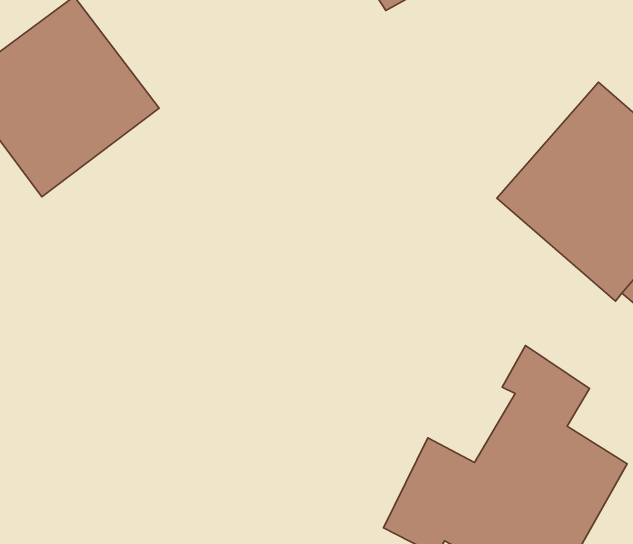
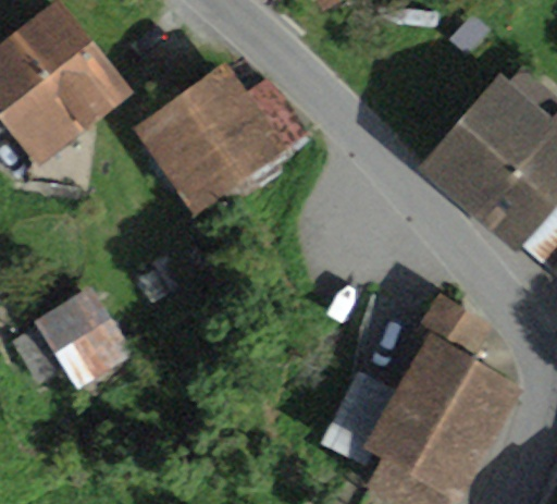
building: none -> [133,63,311,216]
building: none -> [8,284,135,390]

